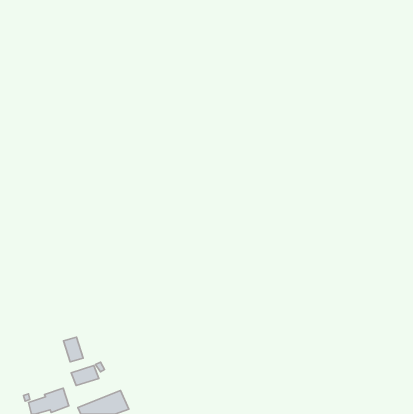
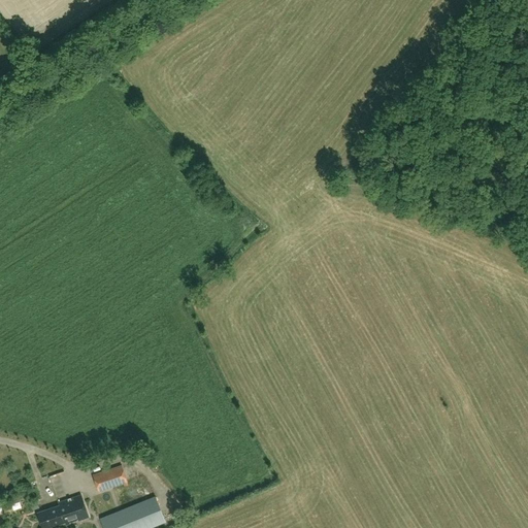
building: [63,337,83,362] -> none

